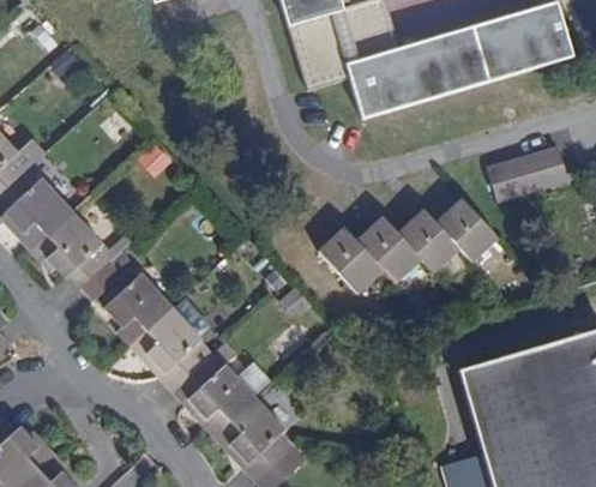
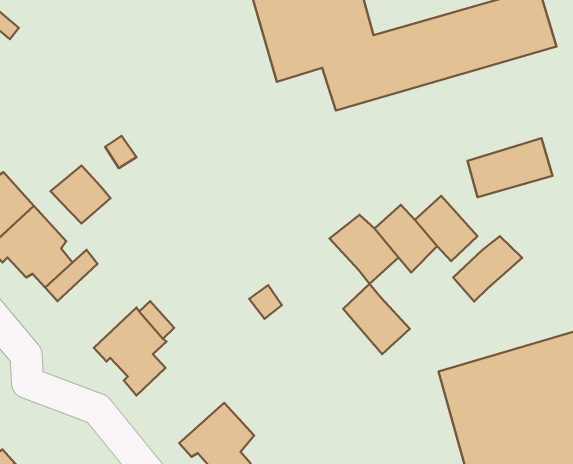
building: none -> [50,166,110,224]
building: [320,228,384,295] -> [343,284,410,354]
building: none -> [453,236,522,302]
building: [104,275,171,345] -> none
building: [171,365,255,437] -> none

